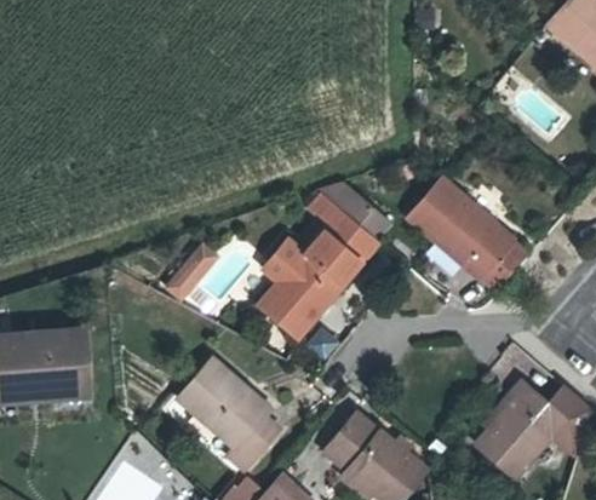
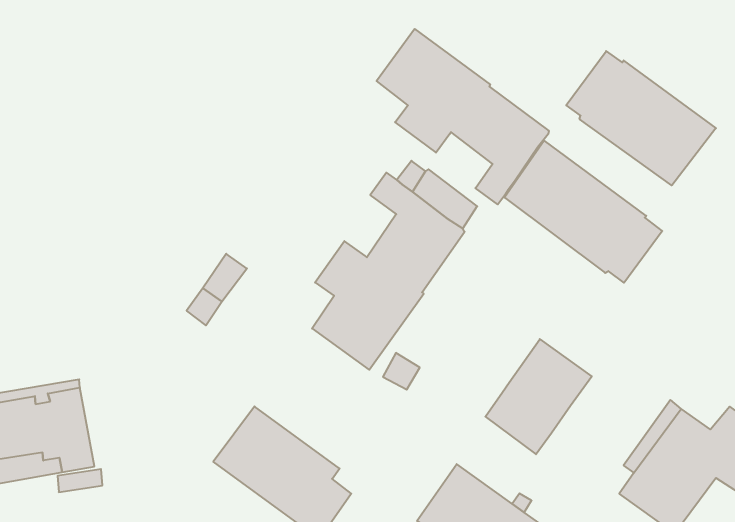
building: none -> [377,29,549,204]
building: none -> [566,51,716,185]
building: none -> [485,339,592,454]

